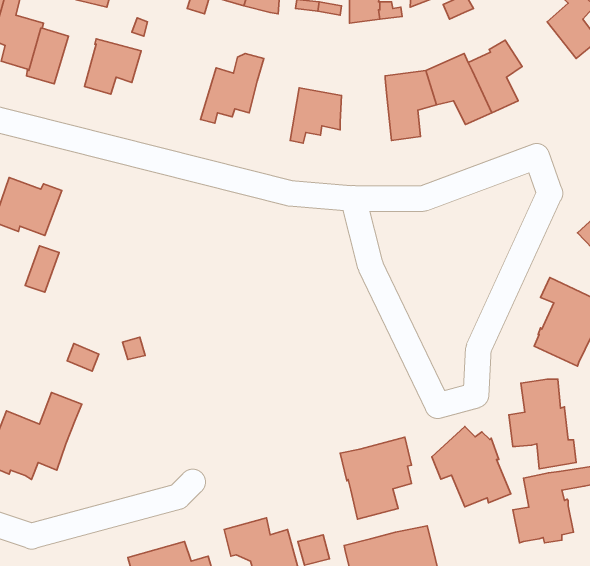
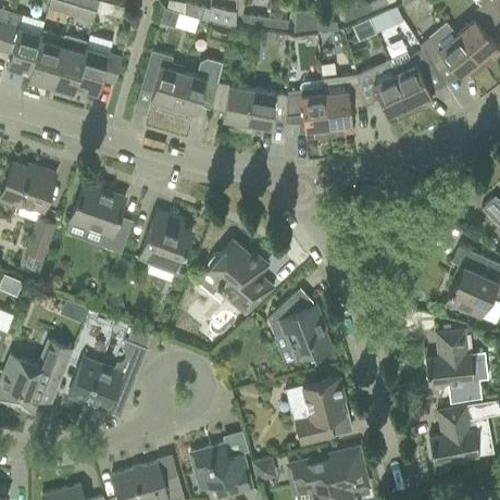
building: none -> [420,23,480,79]
building: none -> [50,36,87,91]
building: none -> [140,51,184,114]
building: none -> [286,80,328,134]
building: none -> [211,83,252,132]
building: none -> [70,183,130,252]
building: none -> [139,209,191,265]
building: none -> [207,240,273,313]
building: none -> [67,328,152,416]
building: [432,426,511,507] -> [267,292,333,359]

